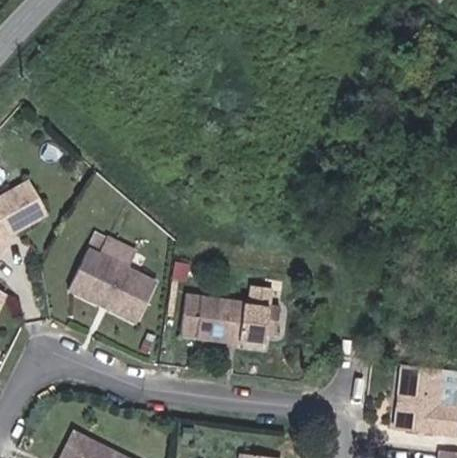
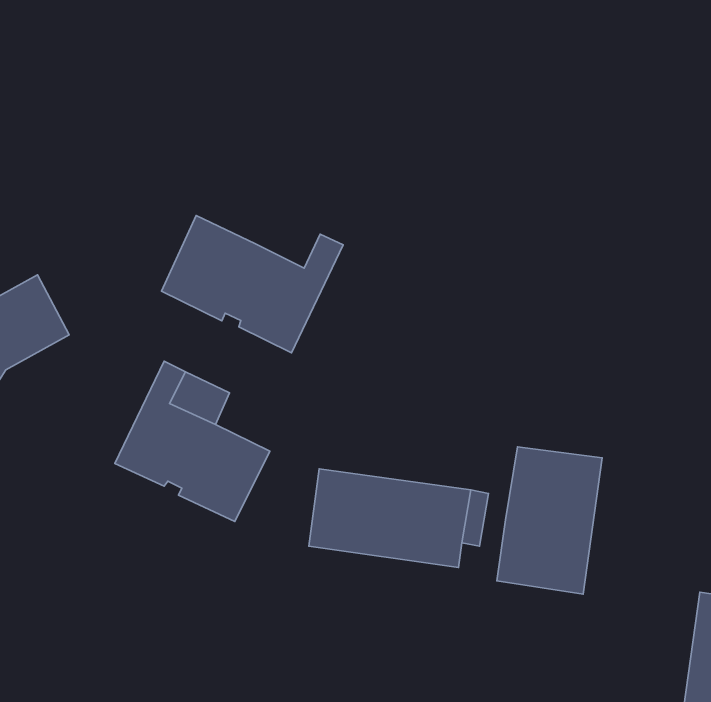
building: none -> [161,215,343,353]
building: none -> [497,447,602,594]

